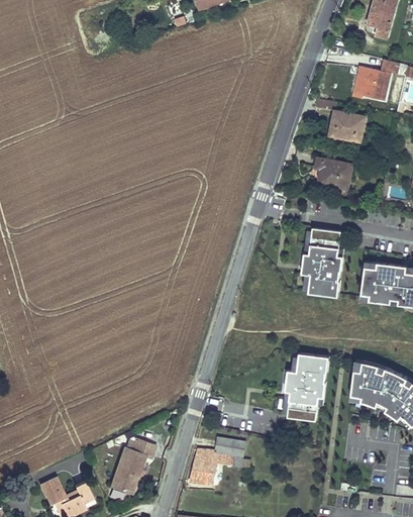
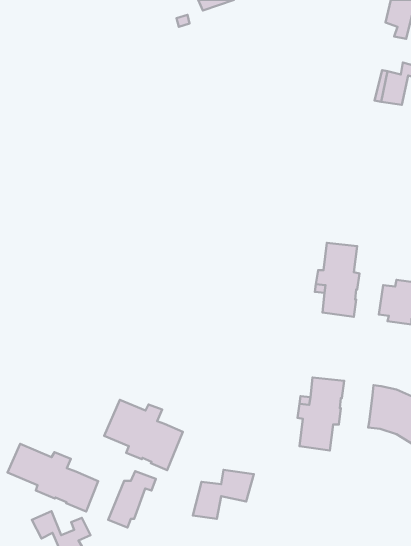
building: [328,112,364,142] -> none
building: [315,158,351,190] -> none
building: none -> [104,400,183,470]
building: none -> [7,444,98,512]

